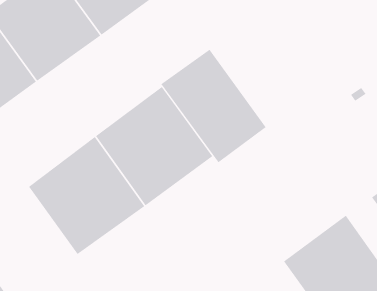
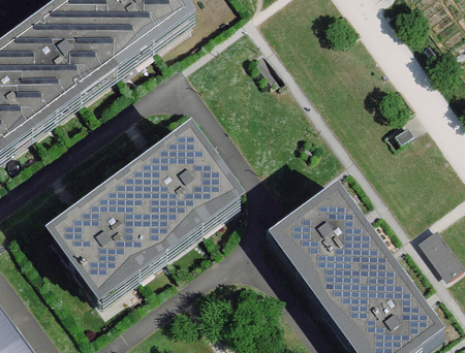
building: [161,49,267,163] -> none
building: none -> [268,183,390,307]

